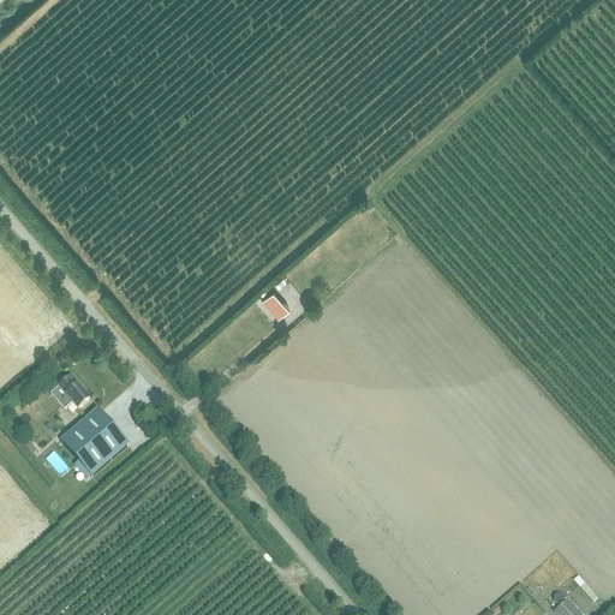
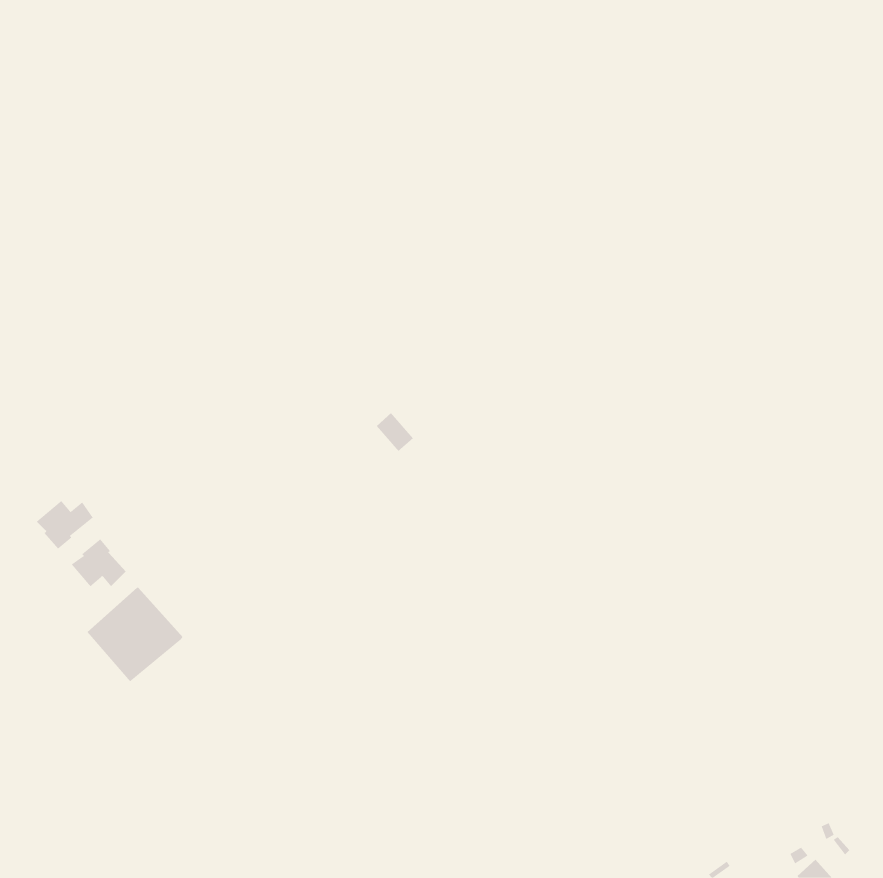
building: none -> [36,500,94,550]

